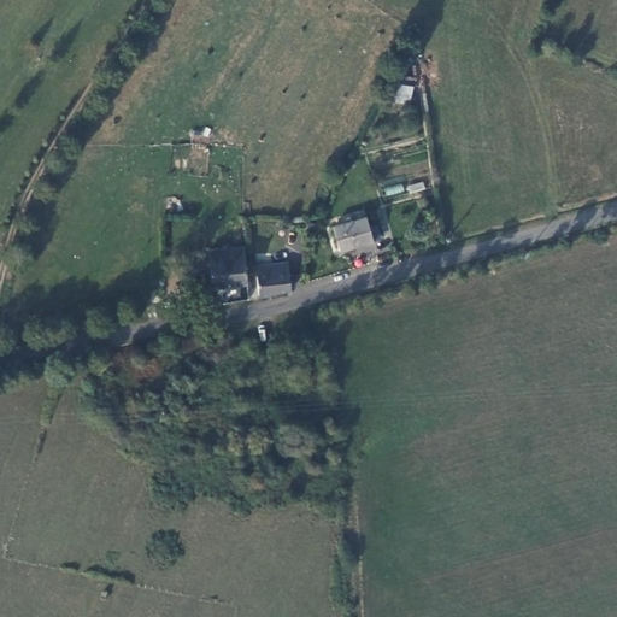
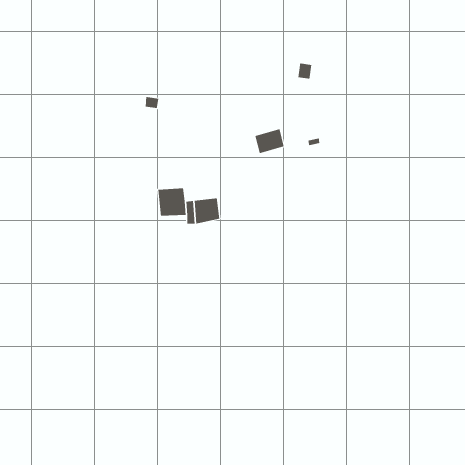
building: [334,218,374,252] -> [255,128,285,154]

